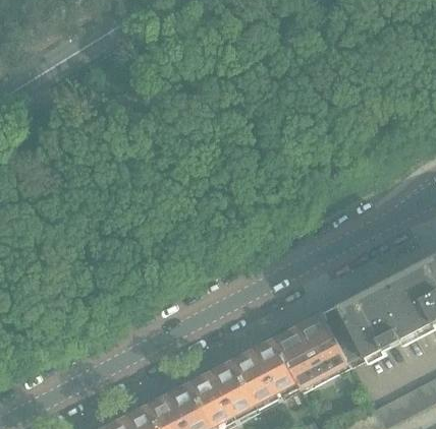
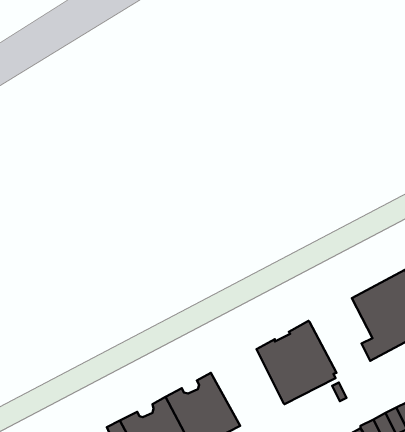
building: [319,293,379,363] -> none
building: [227,341,295,413] -> none

